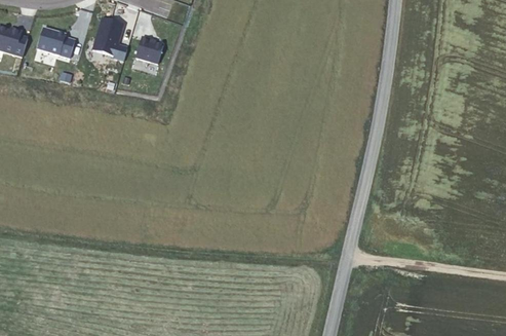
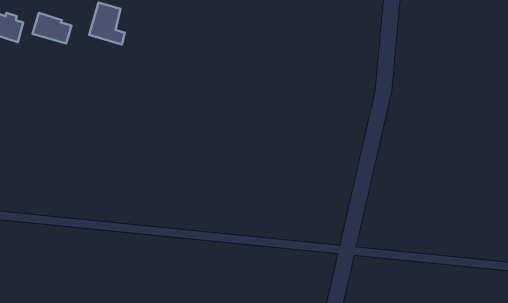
building: [134,36,162,64] -> none

